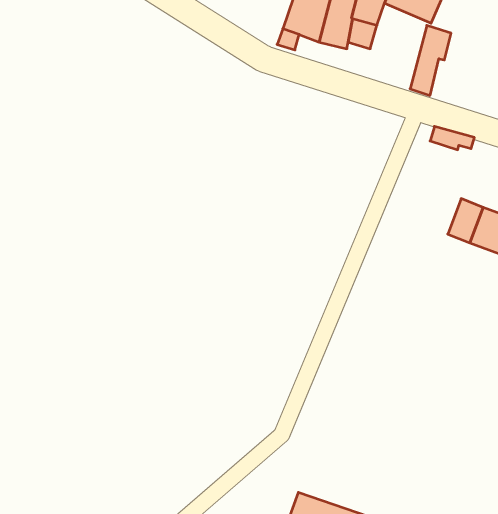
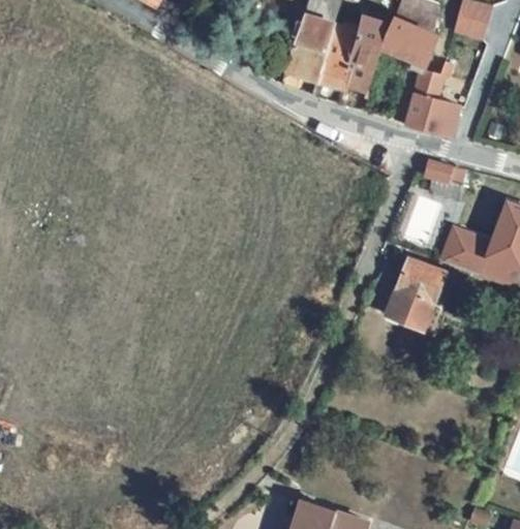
building: none -> [424,97,460,137]
building: none -> [387,254,447,330]

